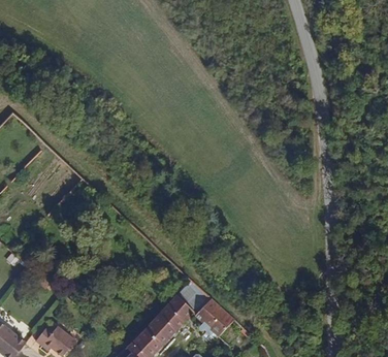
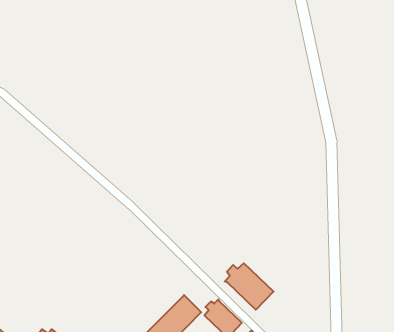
building: none -> [225,263,274,310]

